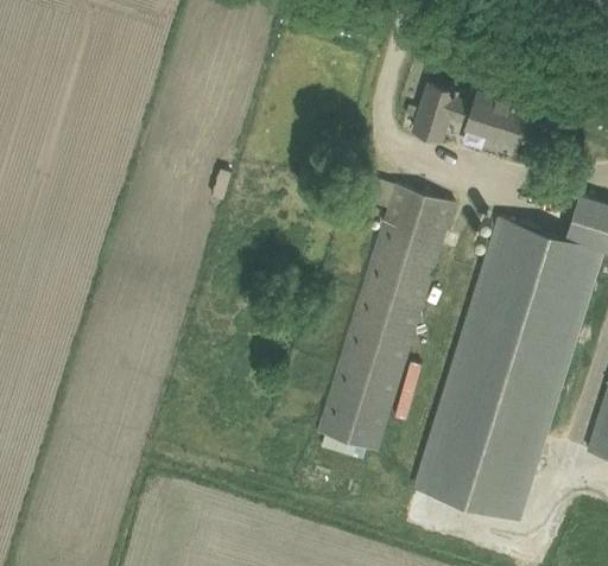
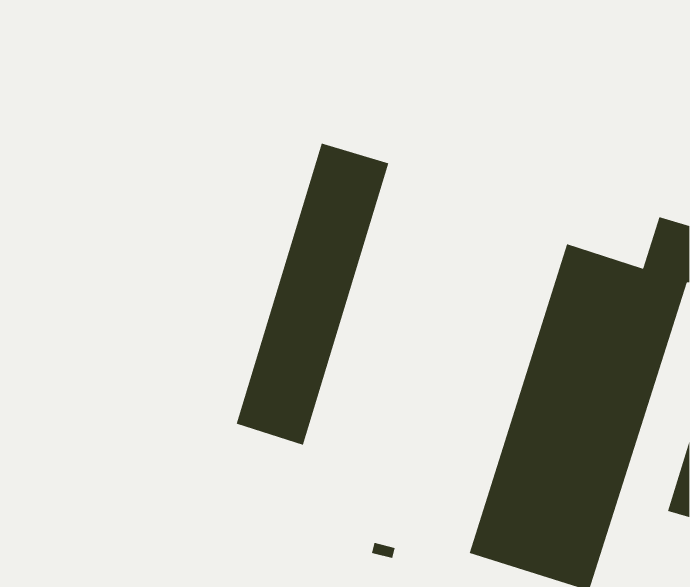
building: [413,85,531,147] -> none
building: [321,186,455,451] -> [236,143,389,446]

